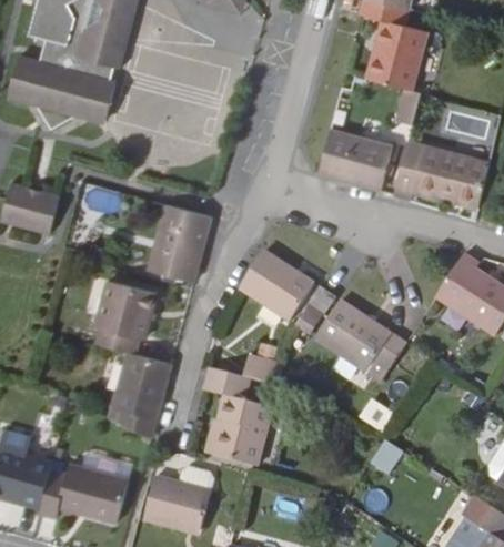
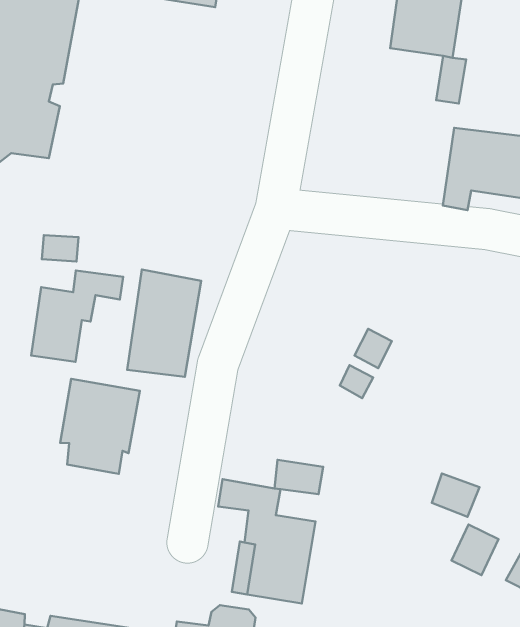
building: [316,123,390,190] -> none
building: none -> [31,270,123,362]
building: [243,246,320,316] -> none
building: [319,295,412,369] -> none
building: [111,366,167,449] -> none

